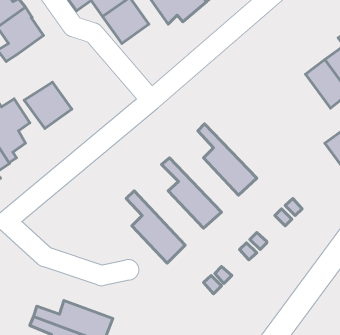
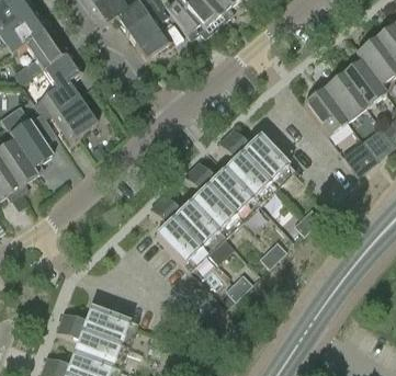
building: none -> [39,50,82,113]
building: none -> [303,88,347,136]
building: none -> [225,128,293,189]
building: none -> [191,161,258,221]
building: none -> [157,194,233,263]

